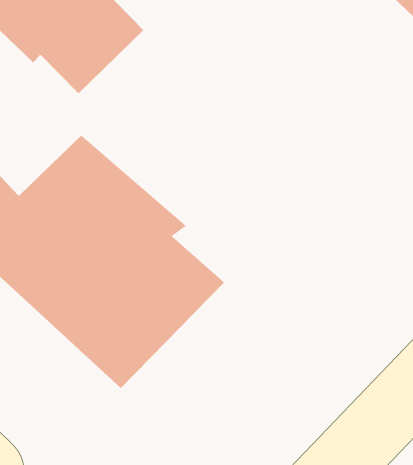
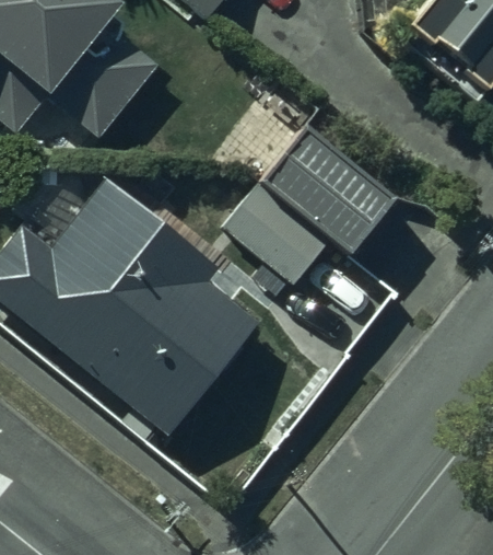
building: none -> [227,132,399,286]

